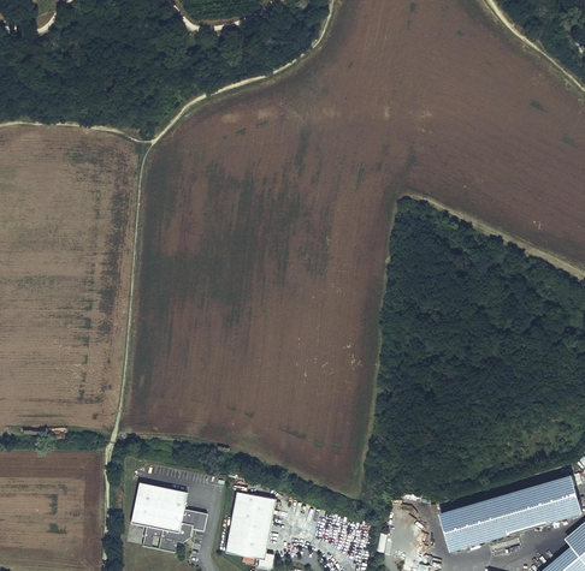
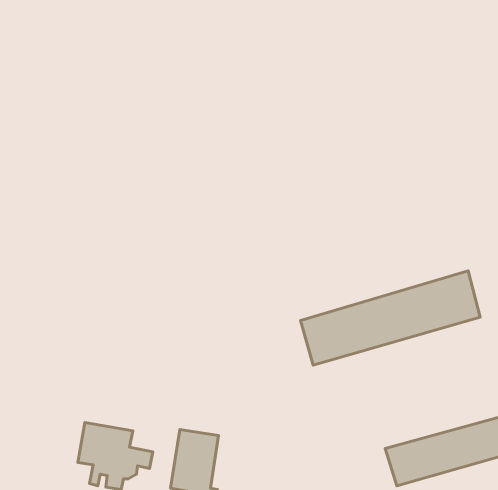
building: none -> [301,271,480,365]

